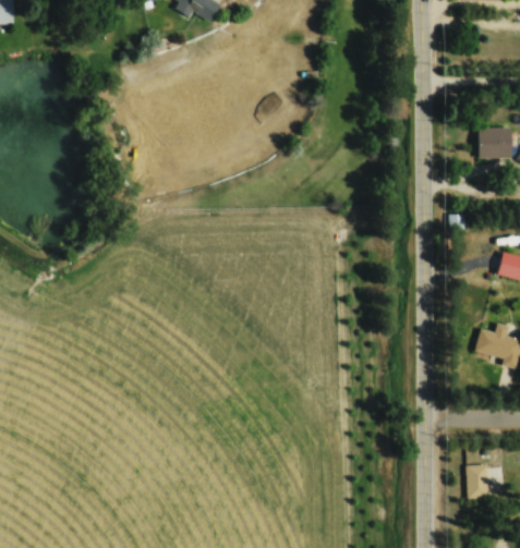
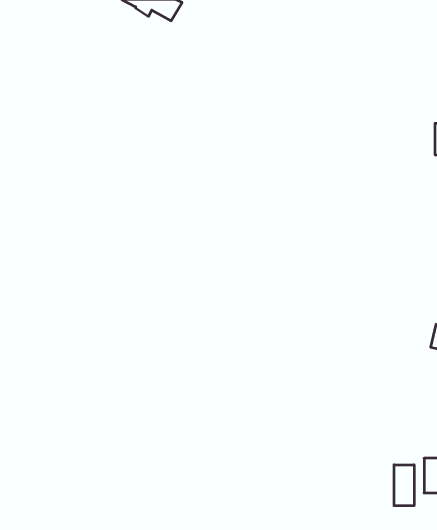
building: none -> [394,465,414,506]

